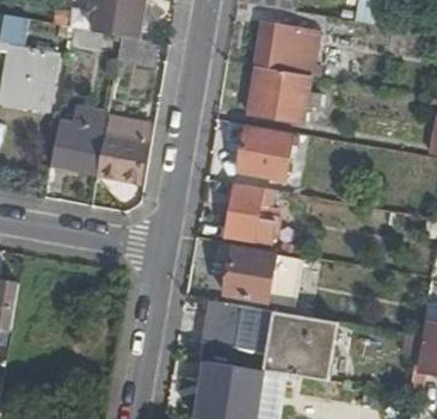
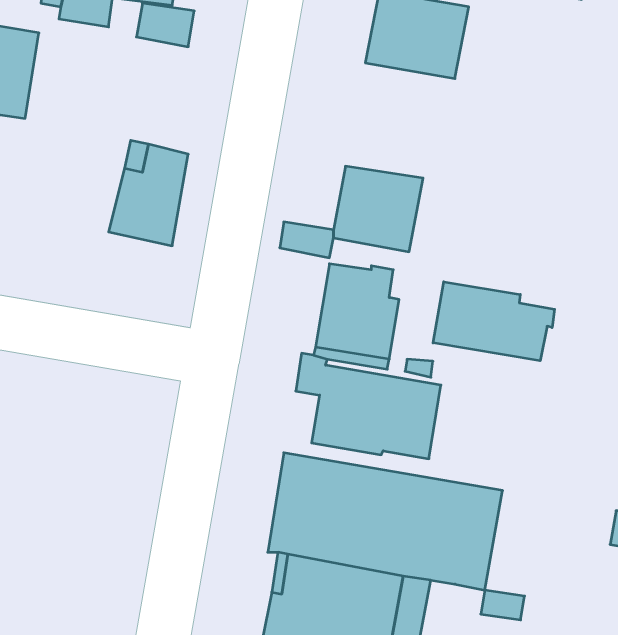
building: [247,67,319,124] -> none
building: [55,103,109,167] -> none
building: none -> [433,282,555,361]

